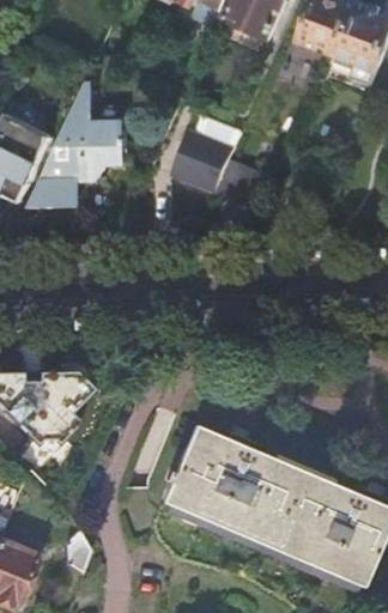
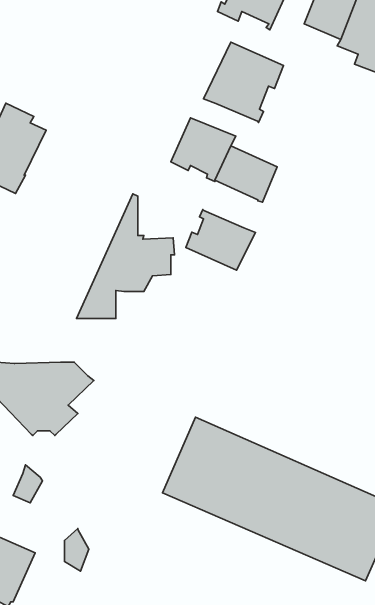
building: none -> [204,42,284,122]
building: [29,84,125,206] -> [77,194,174,318]
building: none -> [186,210,255,270]

